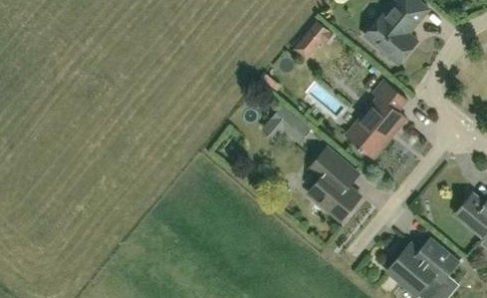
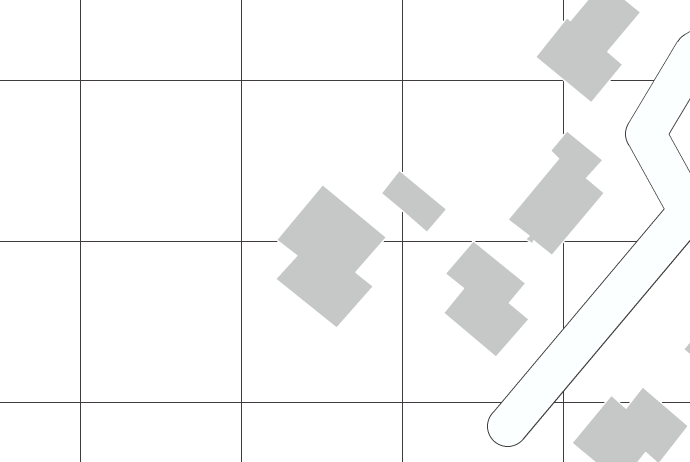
building: [292,21,332,60] -> none
building: none -> [276,185,387,328]

